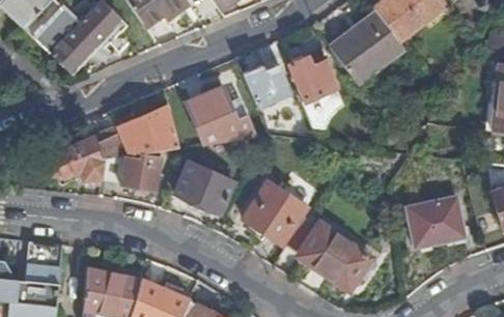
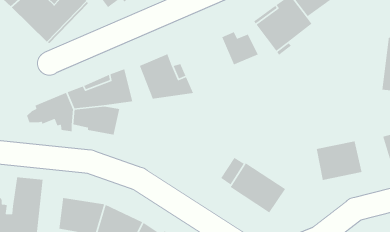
building: [241,64,290,108] -> none
building: [174,161,234,213] -> none
building: [244,180,307,243] -> none

